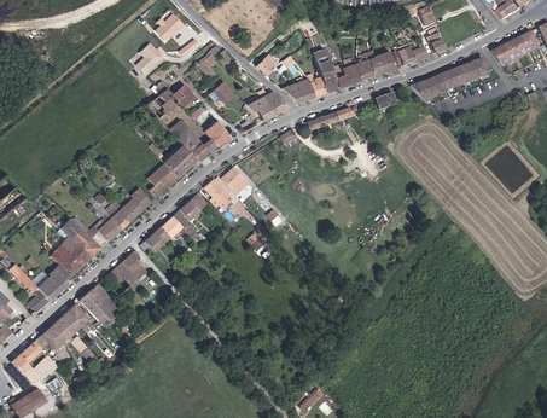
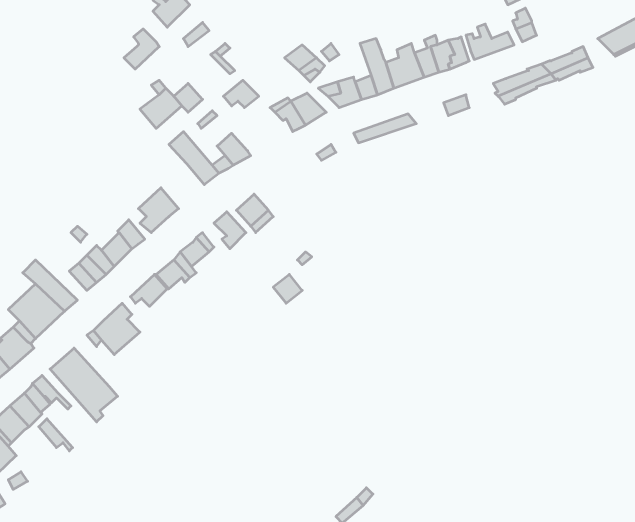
building: [147,143,196,179] -> none

